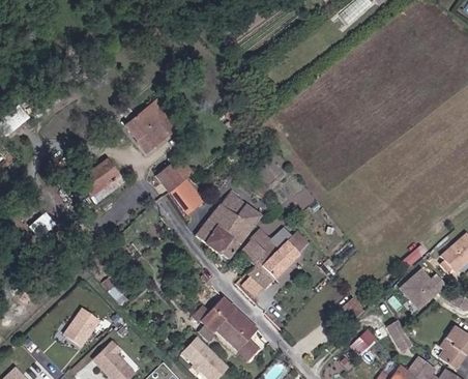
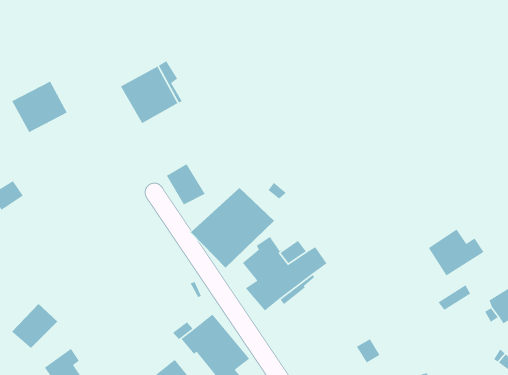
building: [78,158,124,203] -> [11,81,68,133]
building: [155,161,194,193] -> none
building: [401,269,446,309] -> [428,229,485,276]

